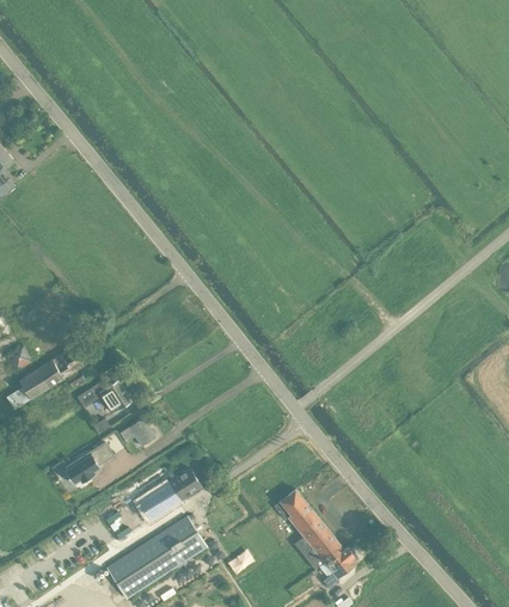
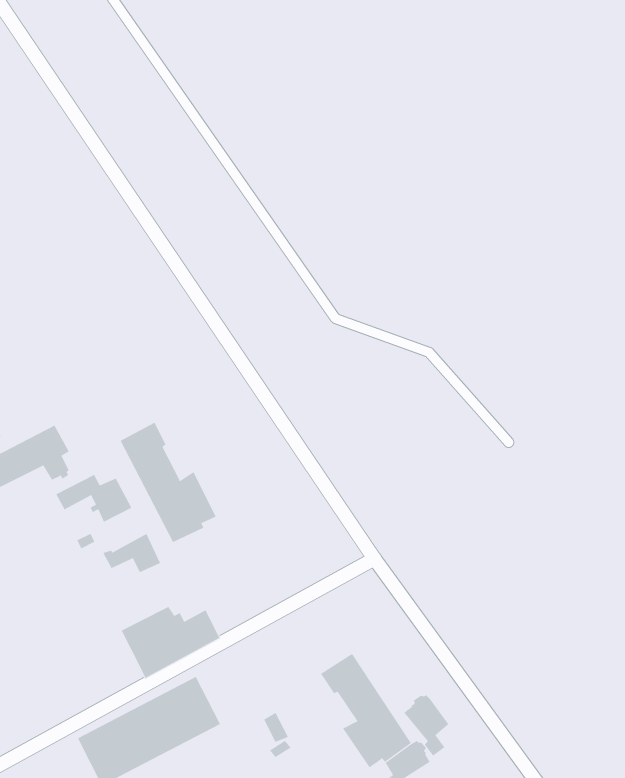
building: none -> [120,422,216,543]
building: [65,443,112,485] -> none
building: none -> [404,694,449,756]

